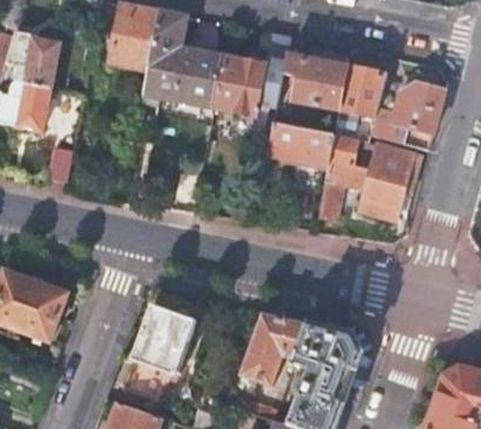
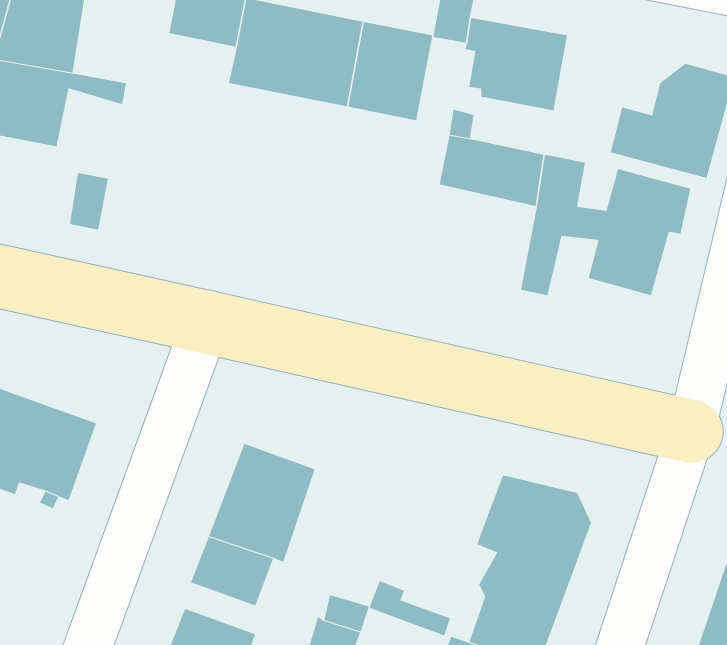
building: [338,63,388,115] -> none
building: [239,314,308,387] -> none

